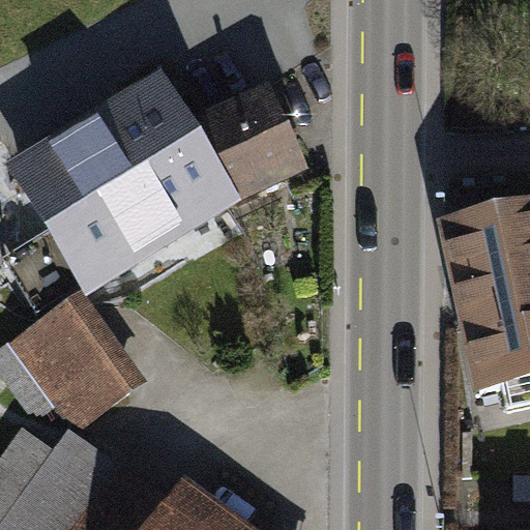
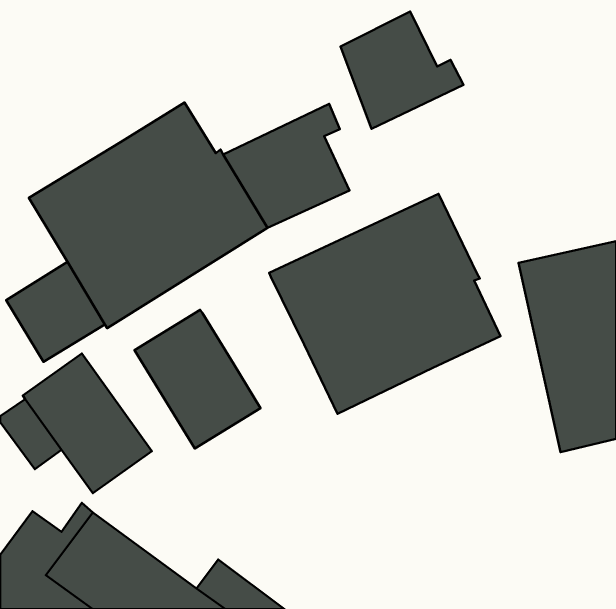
building: none -> [341,11,463,129]
building: none -> [269,194,500,414]
building: none -> [135,310,260,448]

